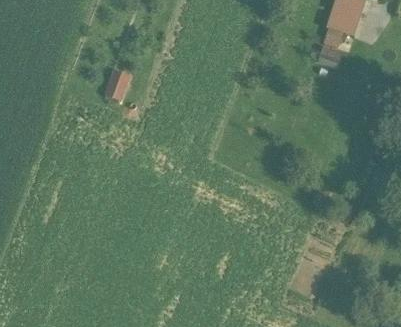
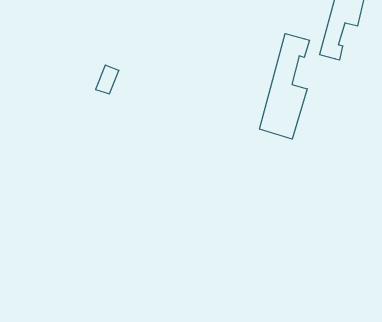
building: none -> [260,34,309,139]

